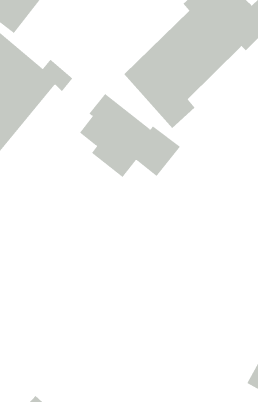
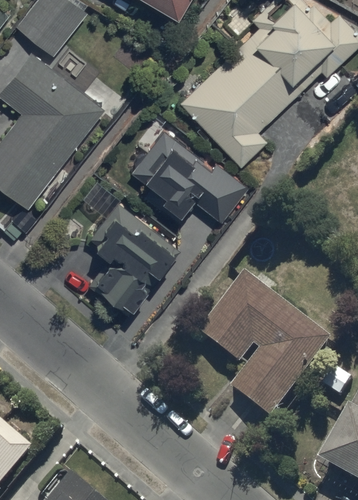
building: none -> [82,180,179,316]
building: none -> [200,273,331,418]

